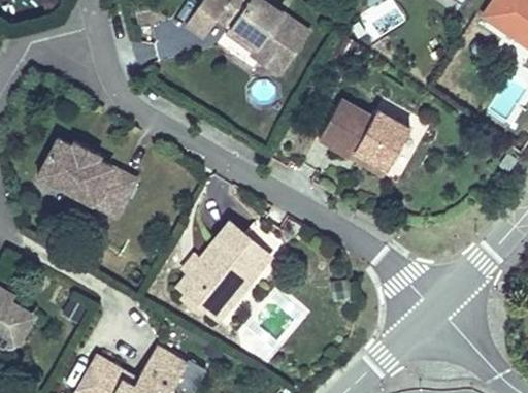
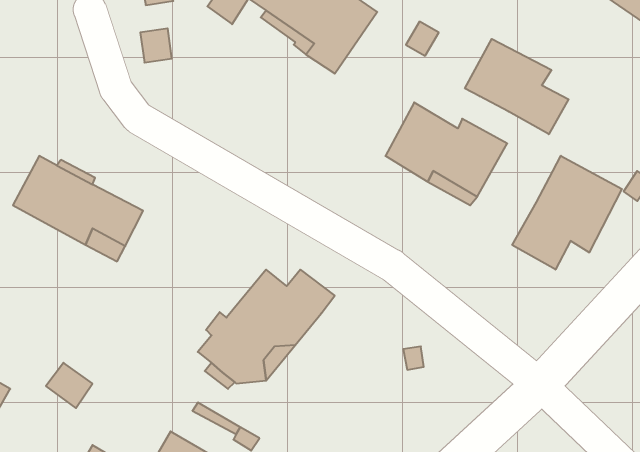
building: none -> [465,39,569,134]
building: none -> [512,156,622,270]

